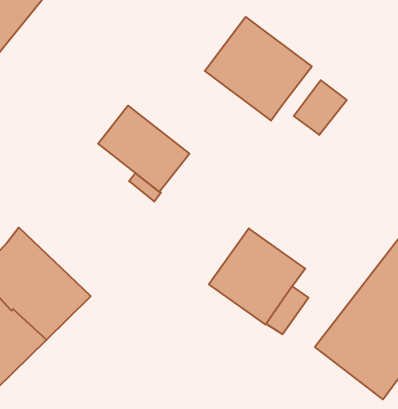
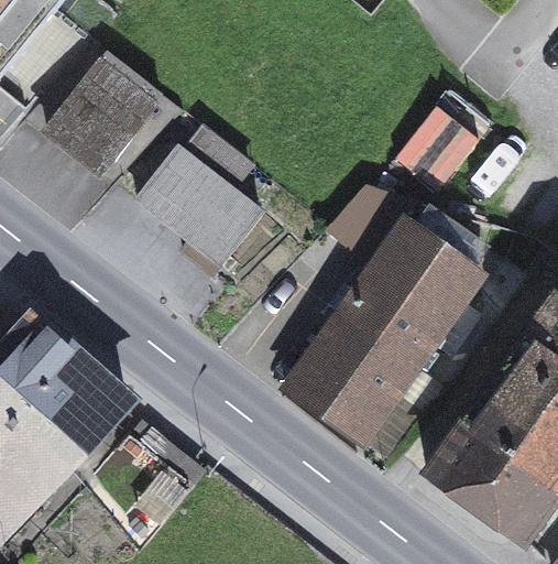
building: [205,17,312,121] -> none
building: none -> [51,62,155,170]
building: none -> [330,183,482,369]

